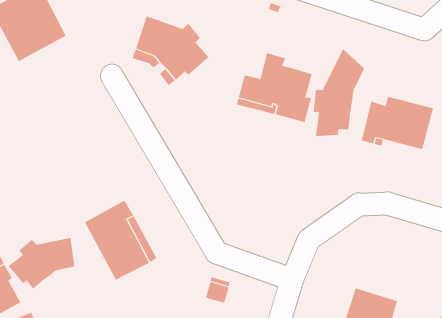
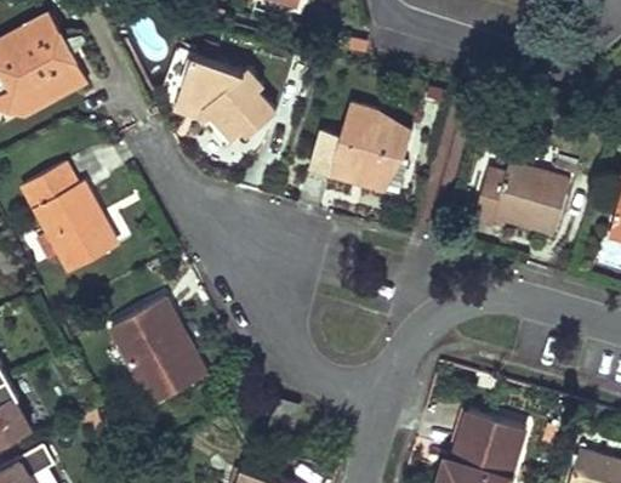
building: [313,48,365,137] -> none
building: none -> [23,164,115,273]
building: [8,237,75,289] -> none

